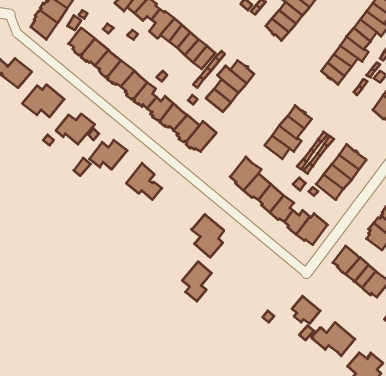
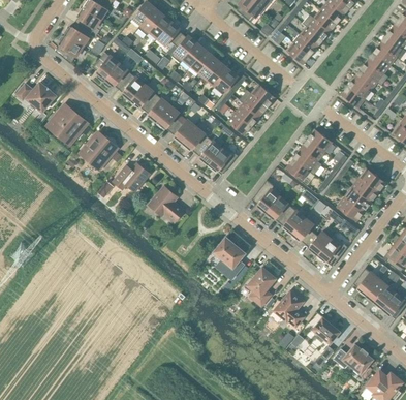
building: [182,262,212,301] -> [248,266,277,305]
building: none -> [274,289,305,326]

